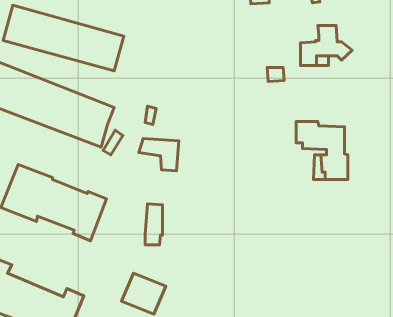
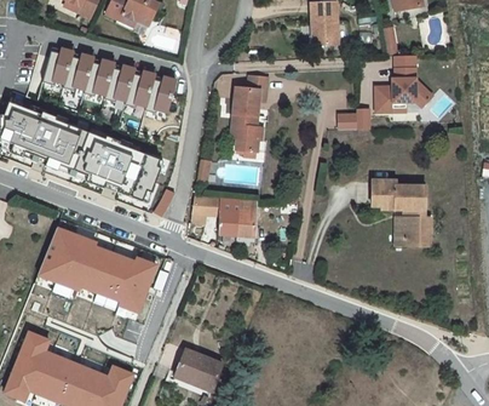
building: none -> [232,75,266,151]
building: [145,204,163,245] -> [235,199,254,245]

